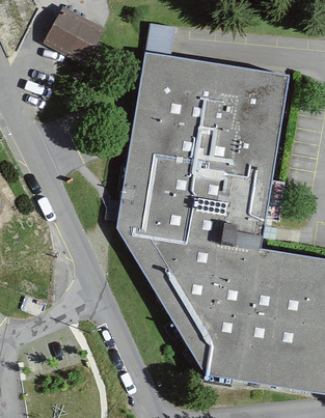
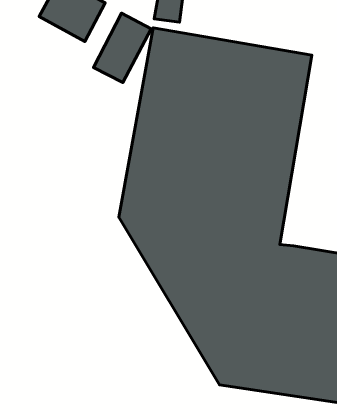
building: none -> [94,13,151,82]

